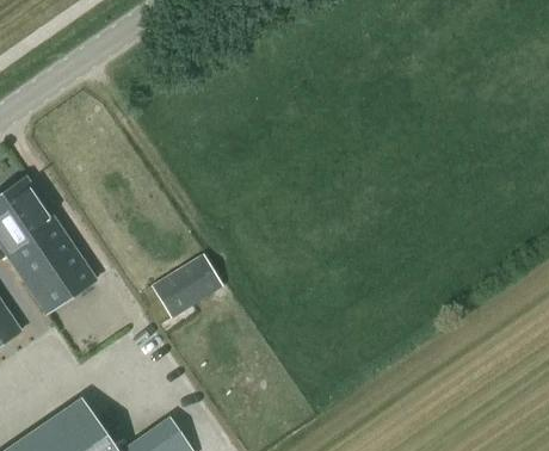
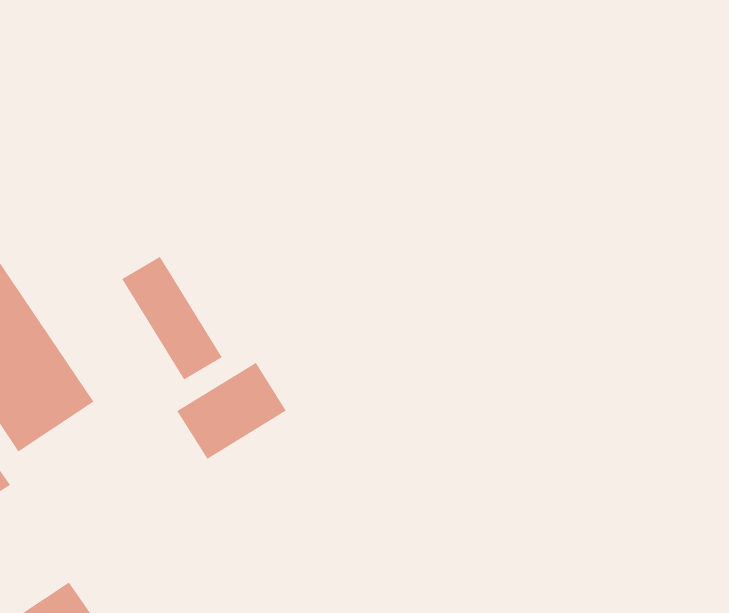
building: none -> [121,256,223,381]

